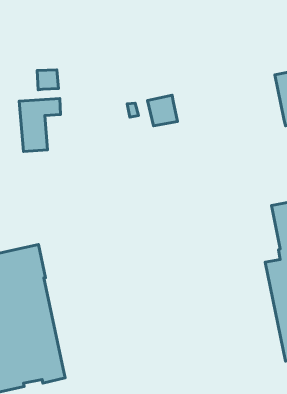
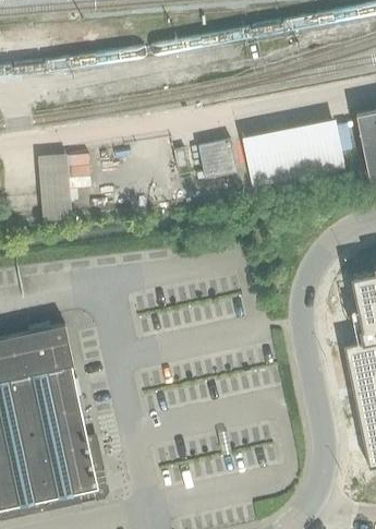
building: [37,70,59,90] -> none
building: none -> [244,128,343,190]

